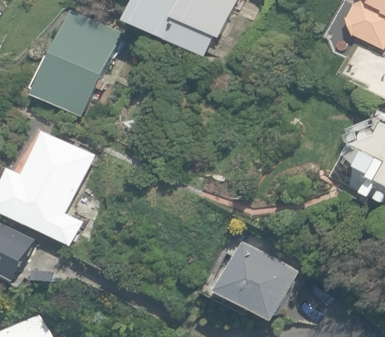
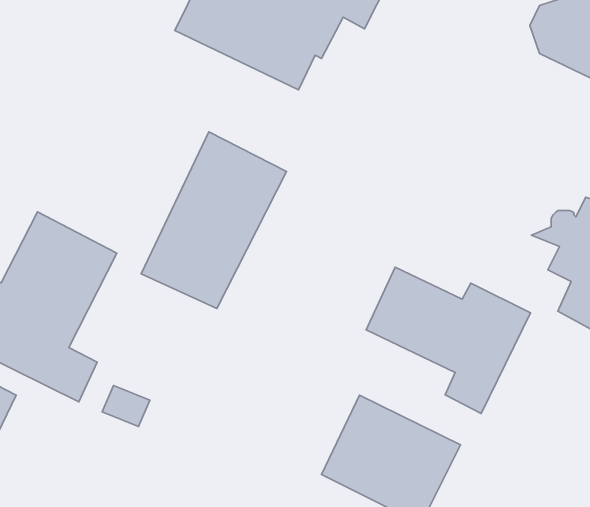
building: [32,9,120,116] -> [141,132,286,309]
building: none -> [366,267,531,414]

